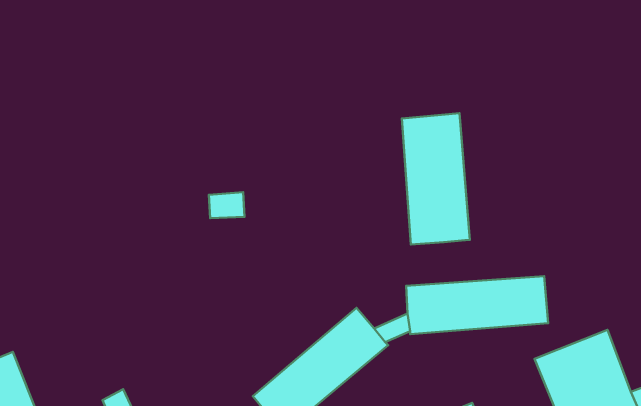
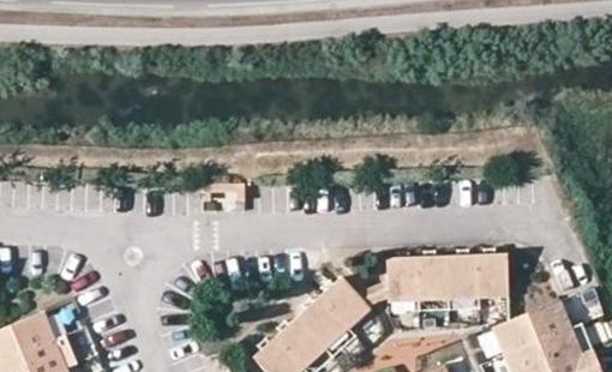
building: [402,113,470,244] -> none

